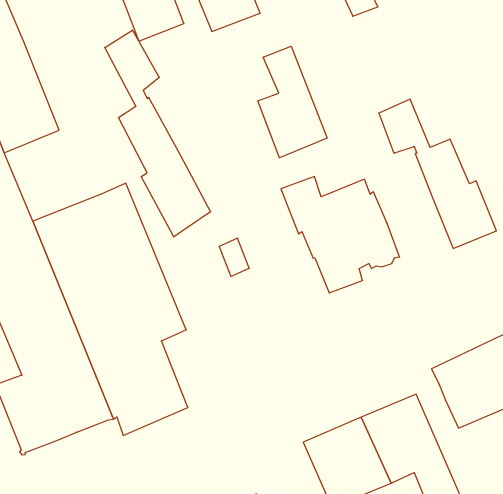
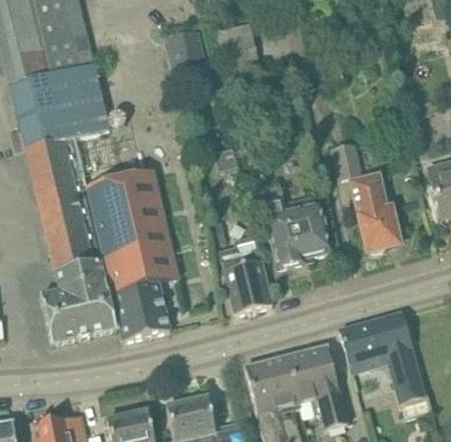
building: [105,30,211,237] -> none
building: [258,46,327,158] -> none
building: none -> [221,241,271,313]

